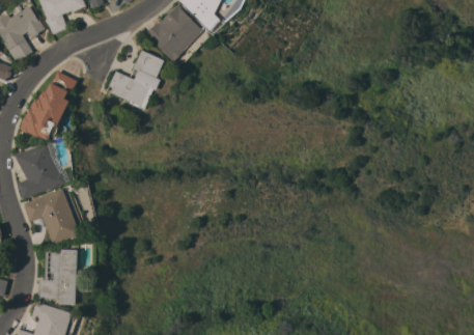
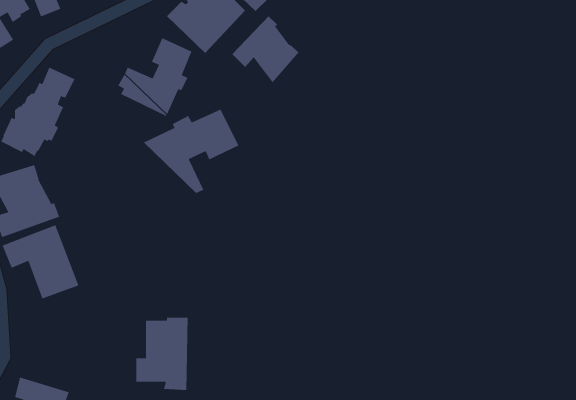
building: none -> [231,16,300,84]
building: none -> [143,108,239,194]
building: [38,249,78,304] -> [135,317,188,391]

